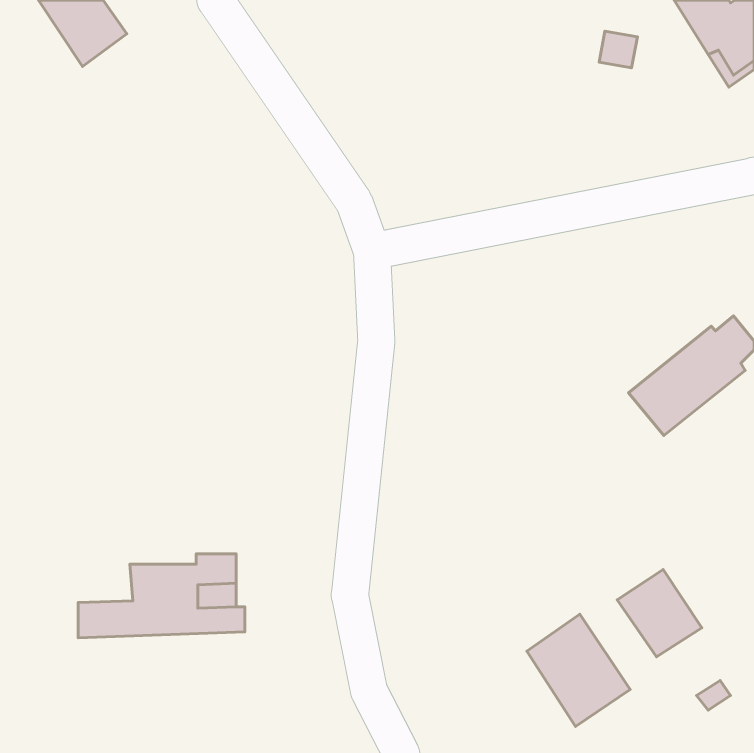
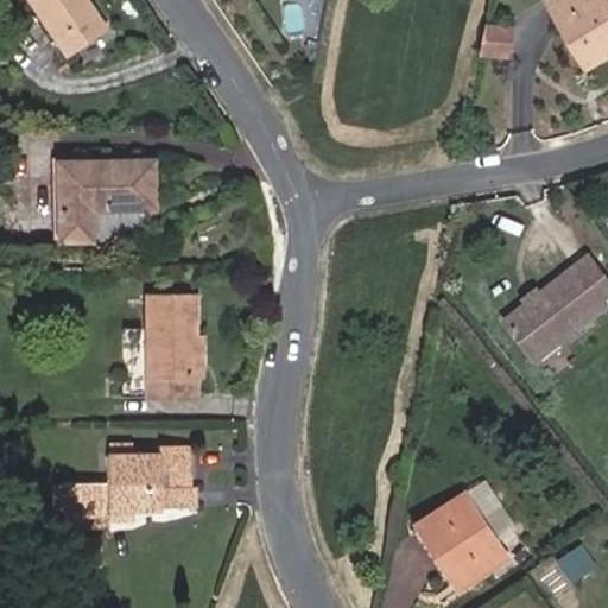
building: none -> [57,162,152,248]
building: none -> [147,299,198,395]
building: [617,570,702,657] -> none

